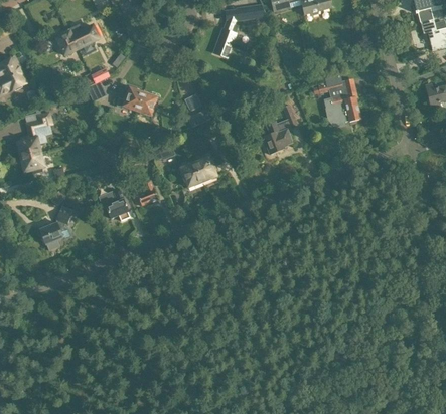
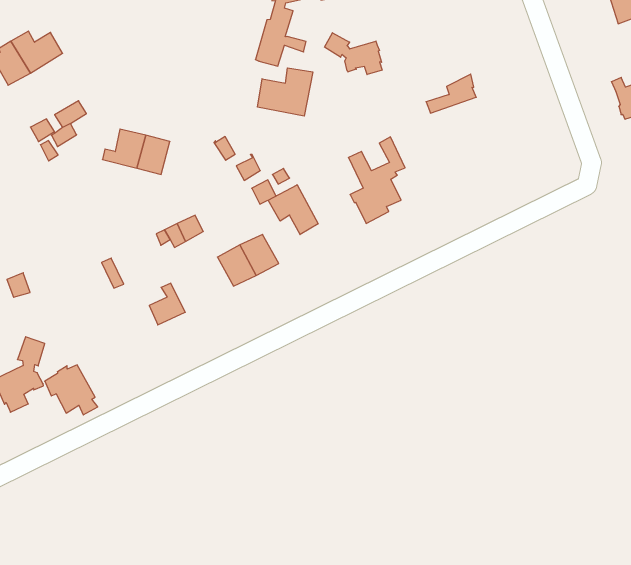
building: none -> [325,33,382,75]
building: none -> [258,68,313,116]
building: [324,77,360,123] -> none
building: none -> [268,185,318,235]
building: [100,190,130,220] -> [45,365,98,415]

